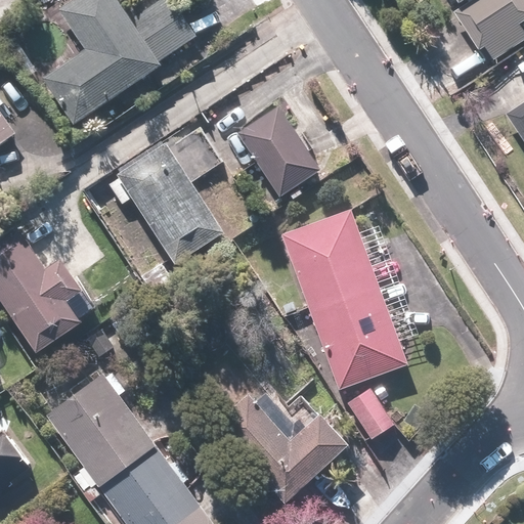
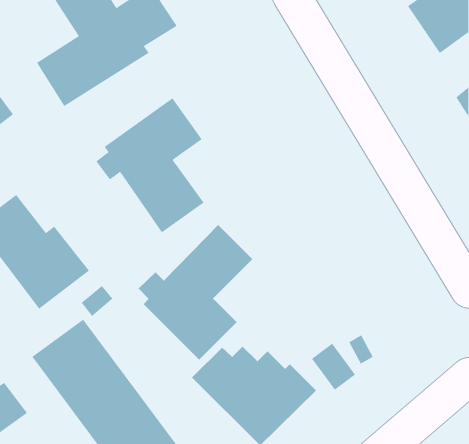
building: [234,107,320,200] -> none
building: [277,207,408,389] -> none
building: none -> [138,224,253,360]

